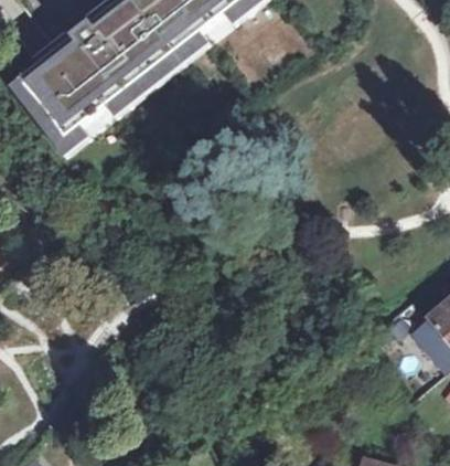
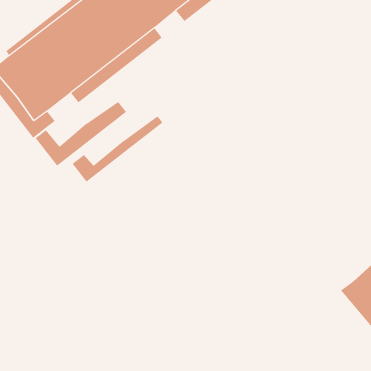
building: none -> [35,101,127,166]
building: none -> [72,115,163,183]

